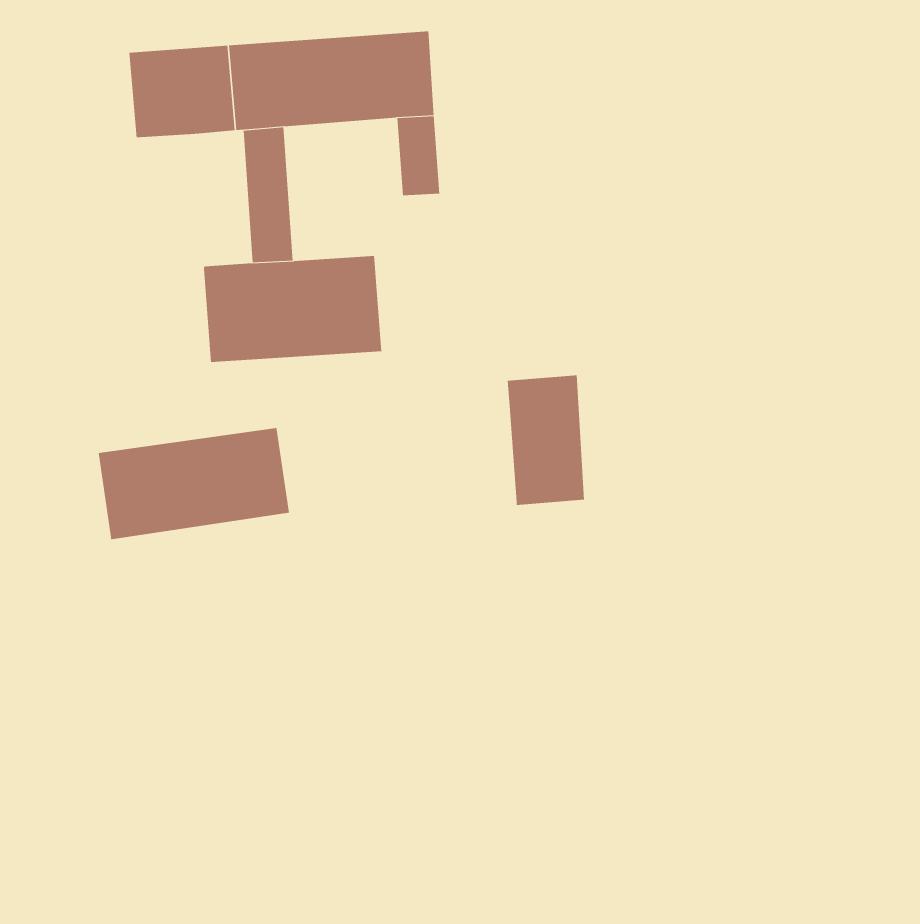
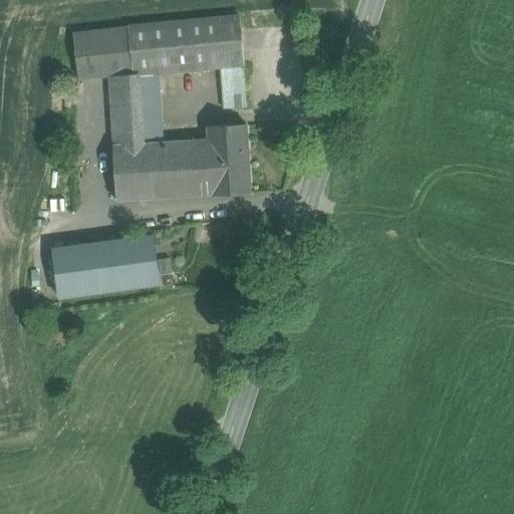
building: none -> [108,72,140,148]
building: [507,375,585,505] -> [207,124,250,197]

